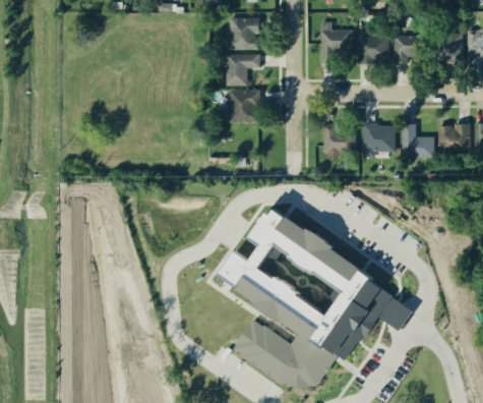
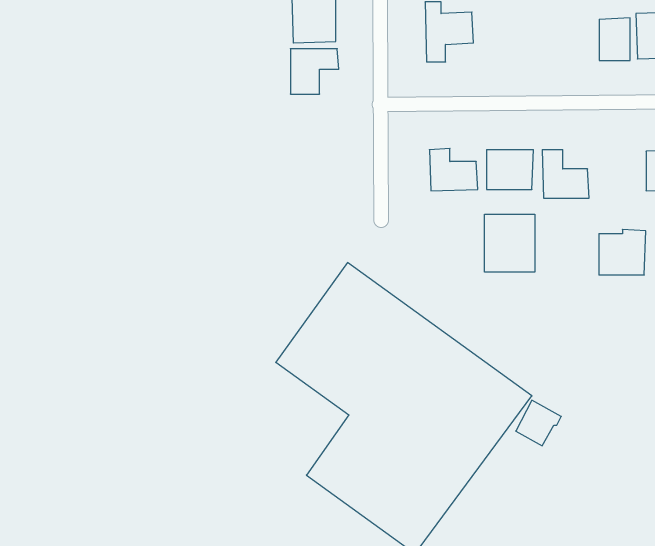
building: [358,34,389,63] -> none
building: [394,35,425,57] -> none
building: [229,89,260,122] -> none
building: [438,123,471,155] -> [599,229,646,275]
building: none -> [485,214,535,272]

